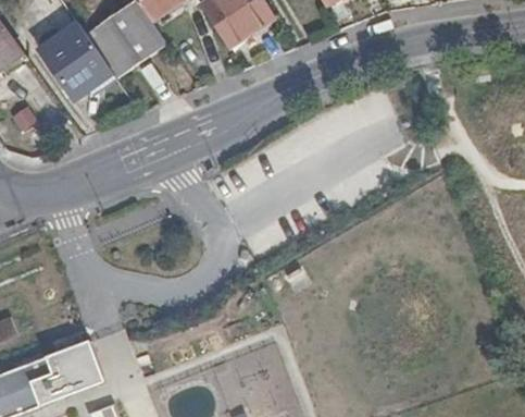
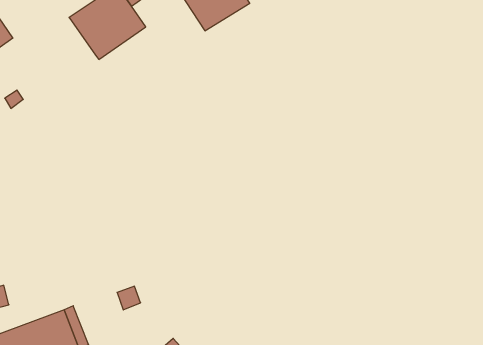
building: [39,26,111,100] -> none

